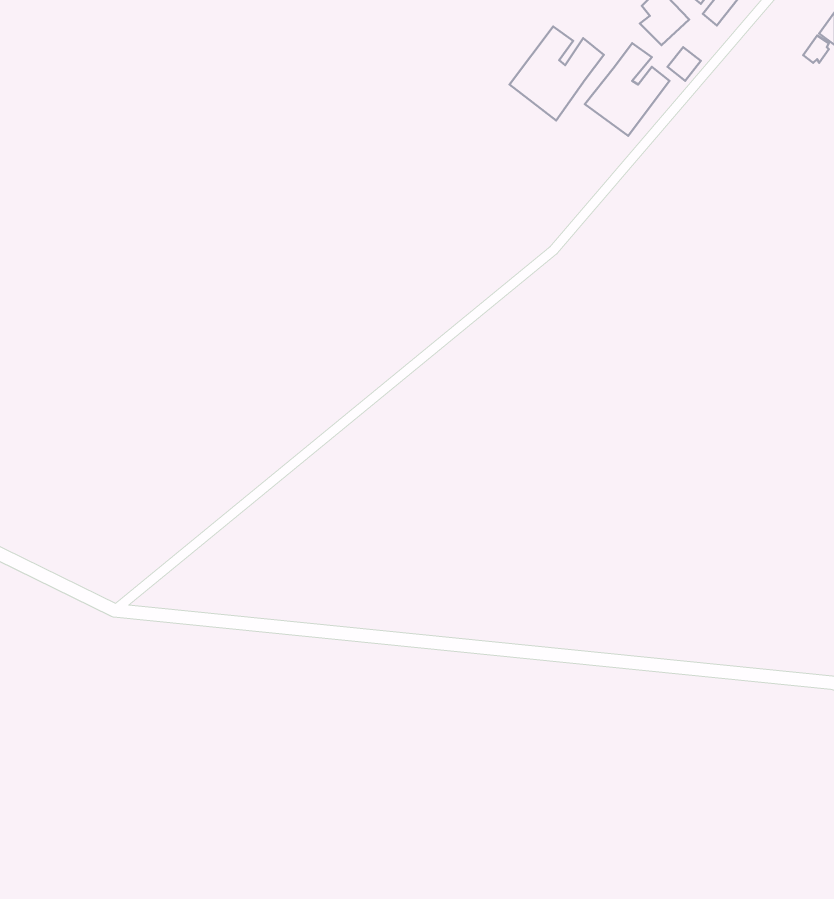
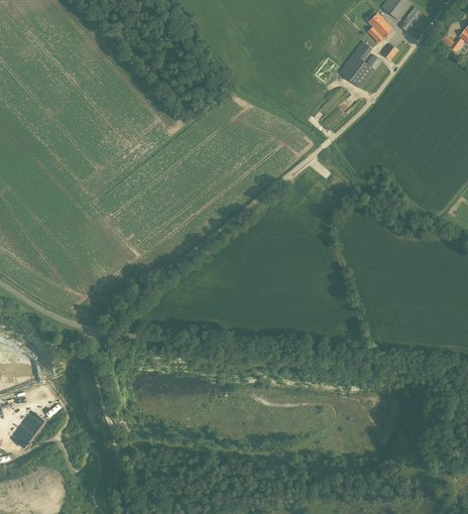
building: [510,27,604,121] -> none

